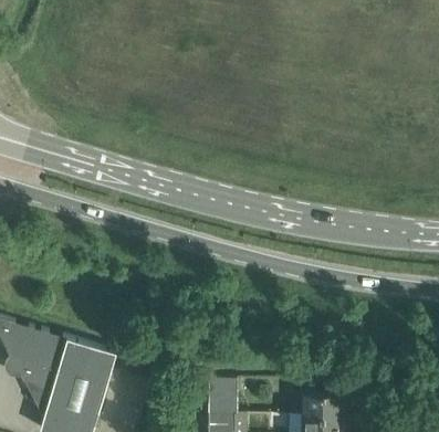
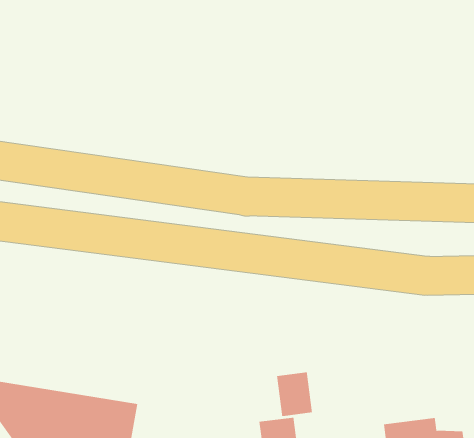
building: none -> [277,372,313,417]

